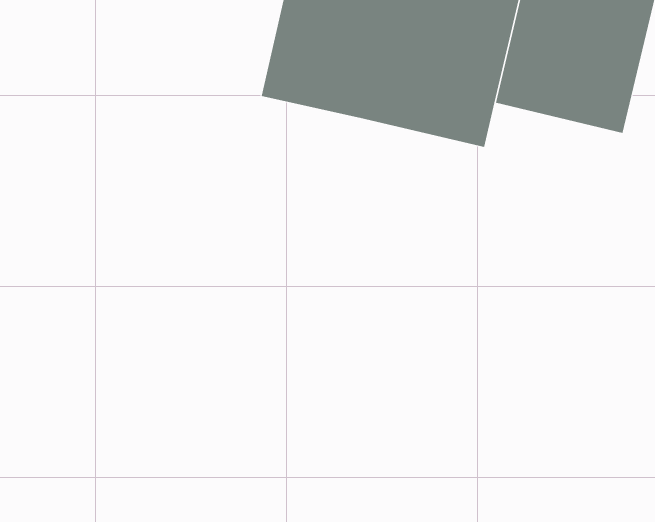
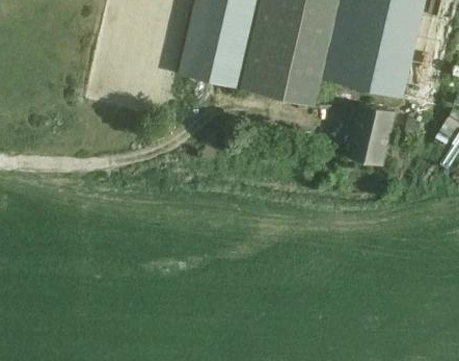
building: none -> [346,102,394,164]

